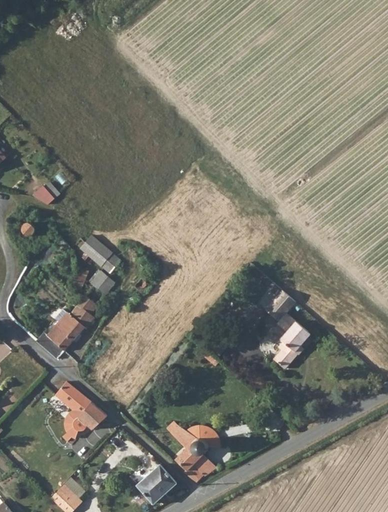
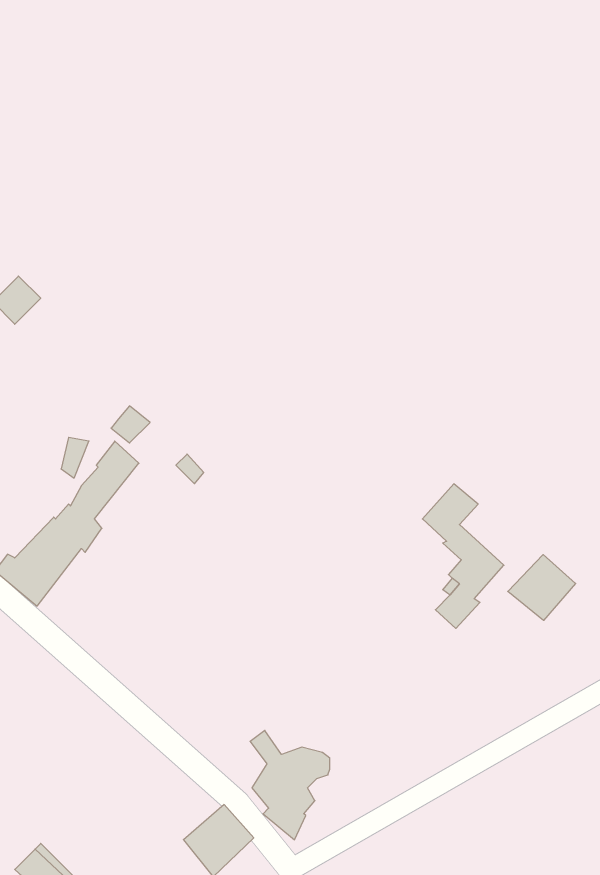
building: [75,232,109,262] -> none
building: none -> [508,555,576,620]
building: [56,380,108,442] -> none

